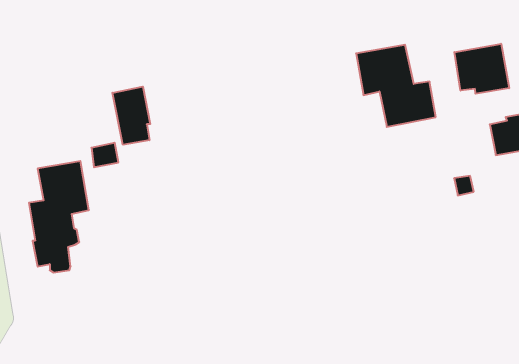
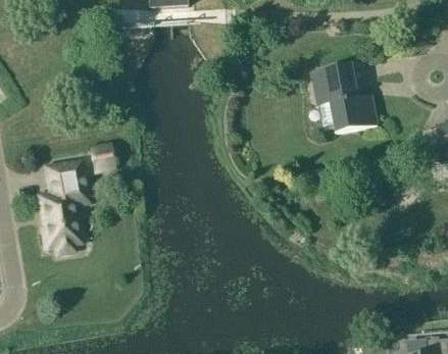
building: [454,44,509,94] -> none
building: [112,87,150,145] -> none

